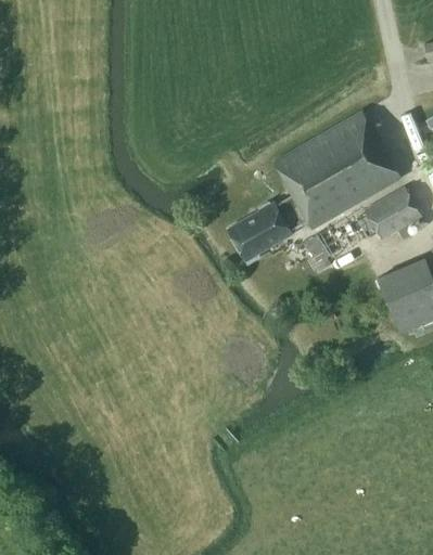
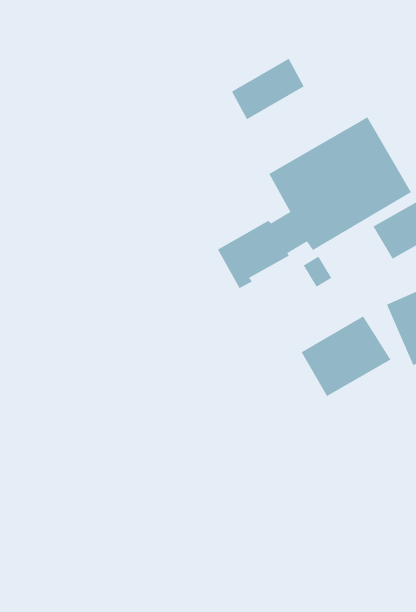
building: none -> [231,58,304,120]
building: none -> [301,315,391,397]

